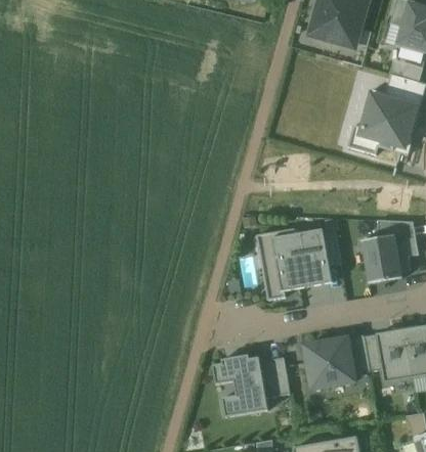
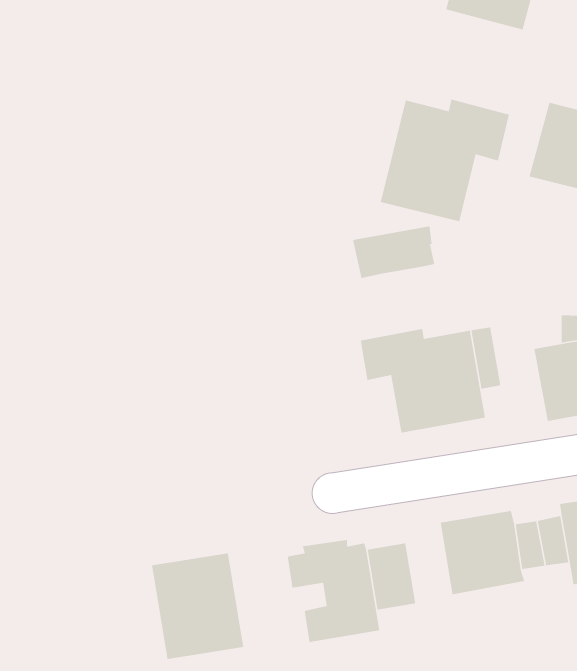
building: none -> [380,99,510,222]
building: none -> [352,226,435,279]
building: none -> [151,553,244,660]

